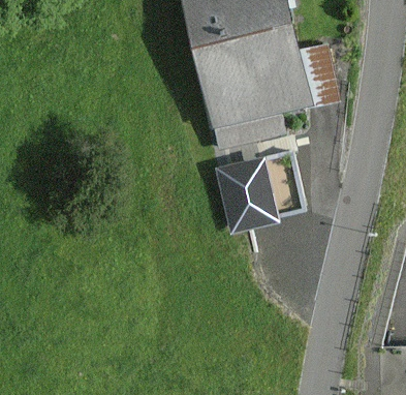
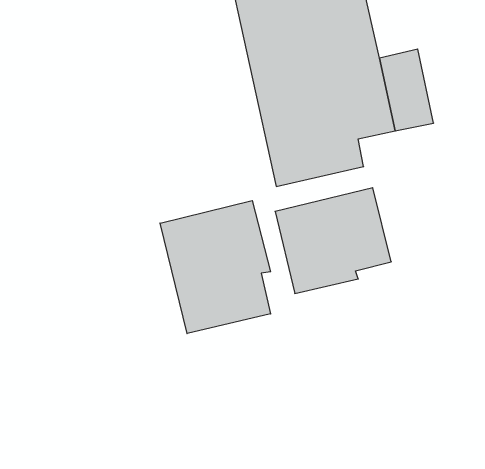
building: none -> [160,201,271,334]

